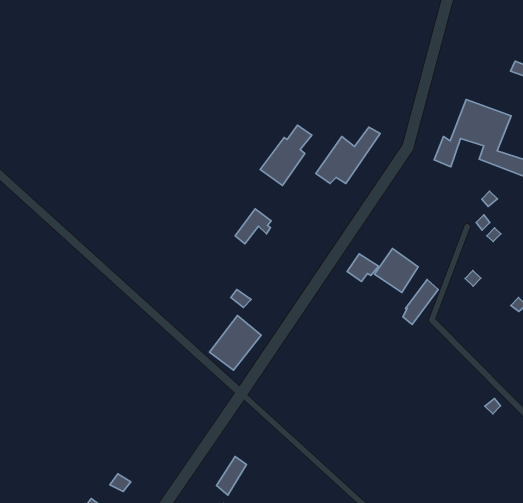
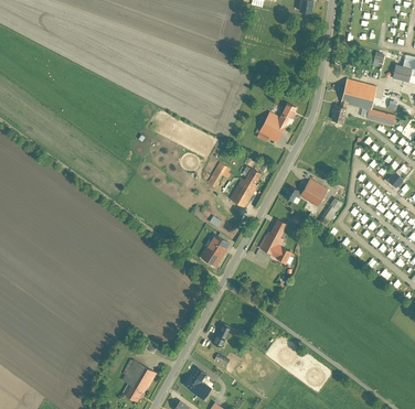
building: [260,125,312,186] -> [230,168,260,207]
building: none -> [258,218,291,262]

